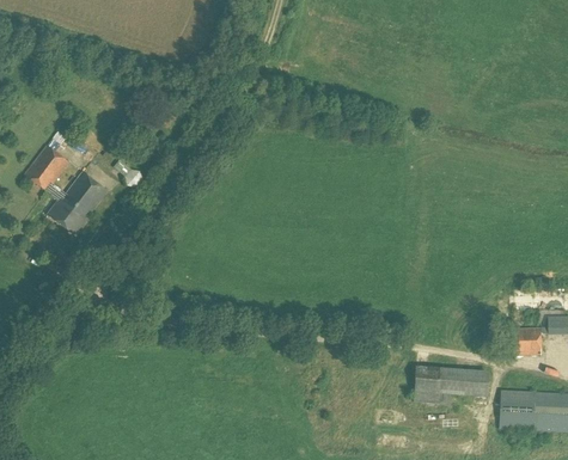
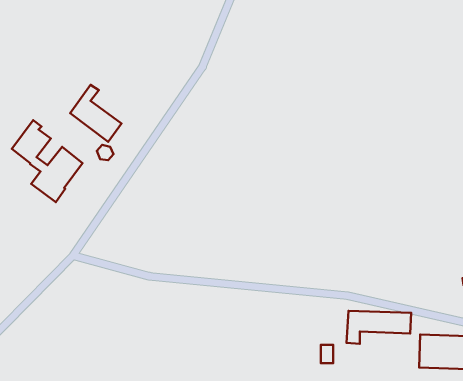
building: none -> [70,85,122,142]
building: [514,329,542,356] -> none

